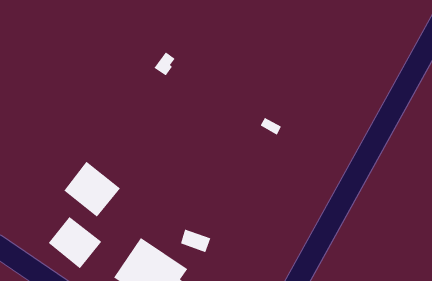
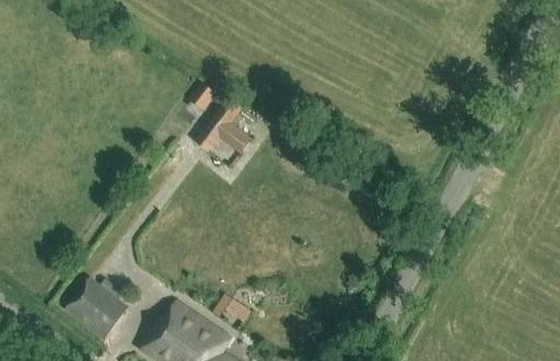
building: none -> [195,113,249,150]
building: [64,161,121,217] -> none

